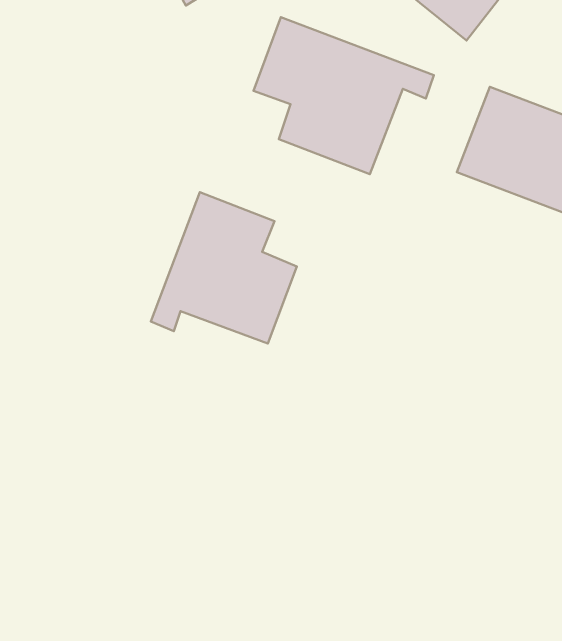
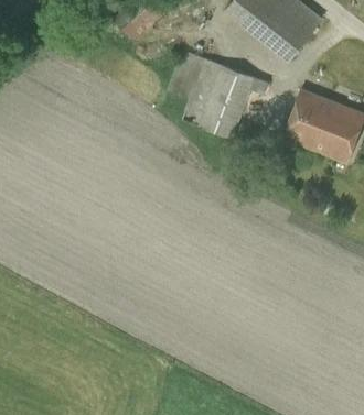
building: [151,192,297,344] -> none

